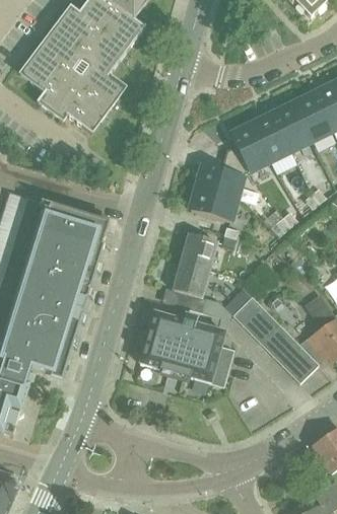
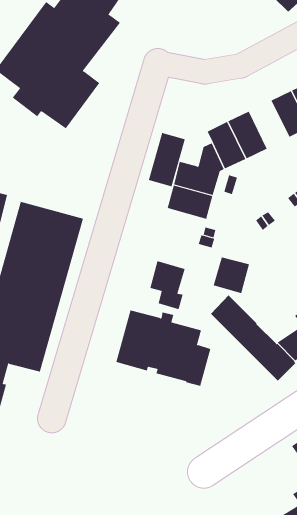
building: [271,103,311,151] -> none
building: none -> [148,132,186,187]
building: [180,233,216,270] -> [213,257,250,294]

